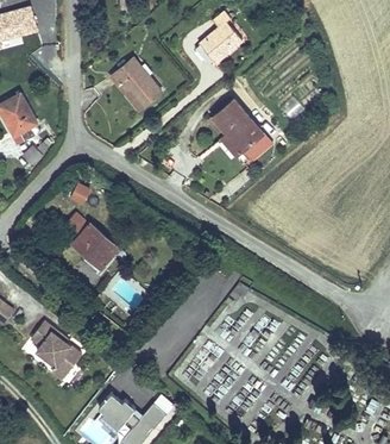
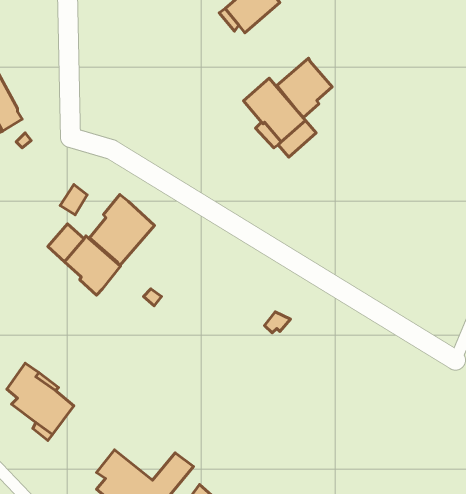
building: [113,58,162,107] -> none
building: none -> [277,58,332,118]
building: none -> [89,195,154,265]

